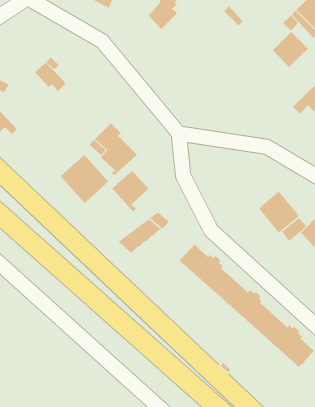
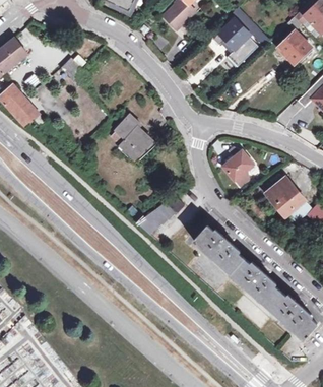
building: none -> [212,19,257,68]
building: [60,154,109,204] -> none
building: none -> [221,147,253,187]
building: [111,170,149,213] -> none

